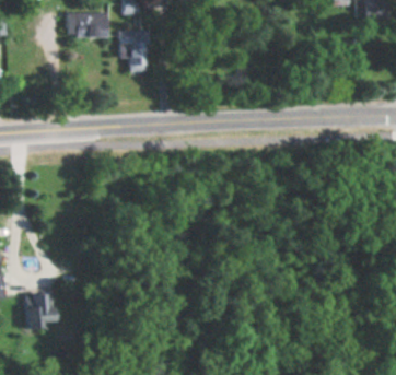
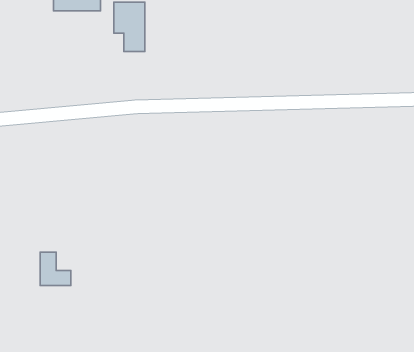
building: [27,295,55,325] -> [40,252,71,285]

